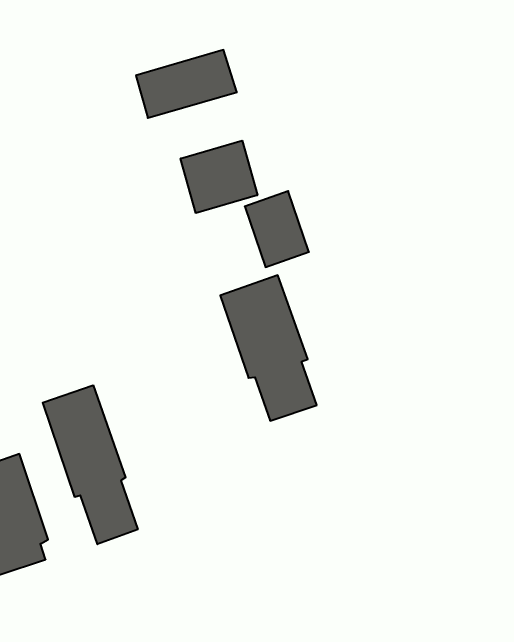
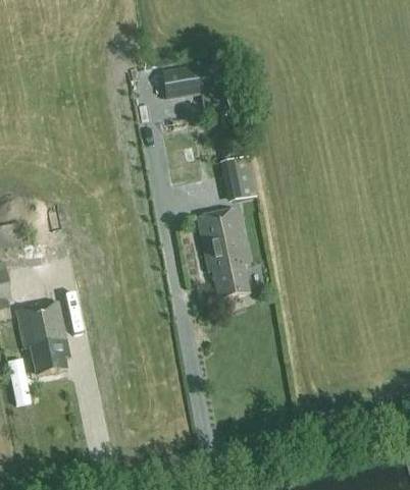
building: [181,141,257,213] -> none
building: [43,385,138,544] -> none

